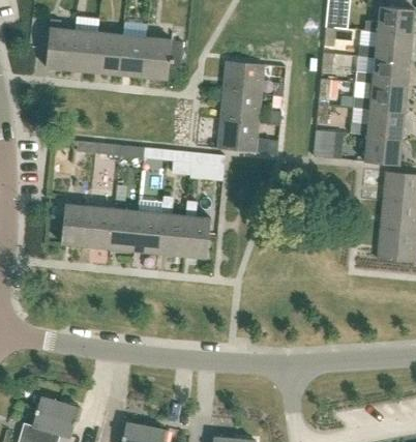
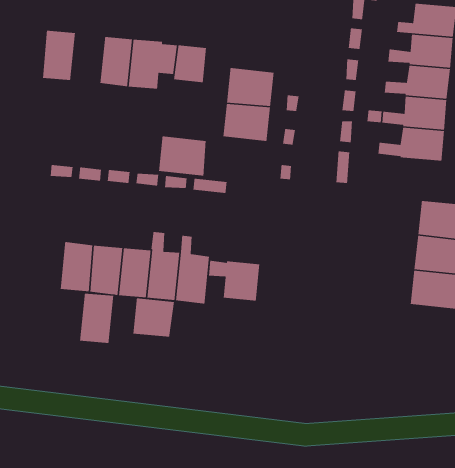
building: [46,20,73,70] -> none
building: [94,32,122,75] -> none
building: none -> [173,44,207,83]
building: [217,119,258,153] -> [158,136,207,177]
building: [365,137,404,167] -> none
building: [60,204,89,246] -> [79,293,114,344]
building: none -> [208,260,260,301]
building: none -> [133,297,175,337]

